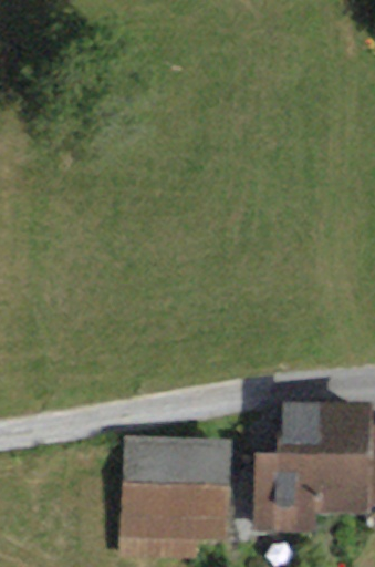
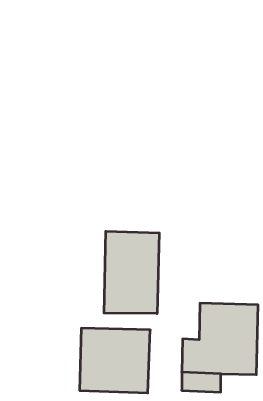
building: none -> [104,231,159,314]

